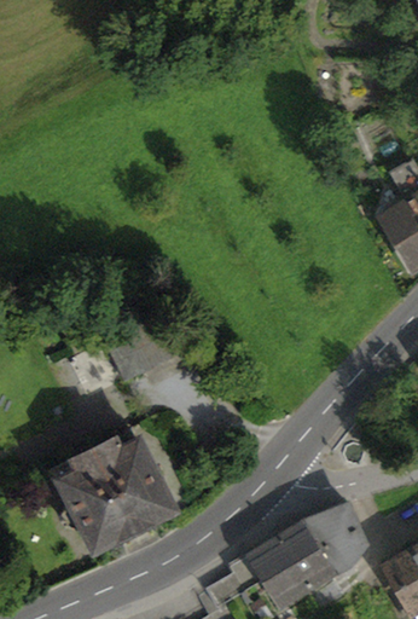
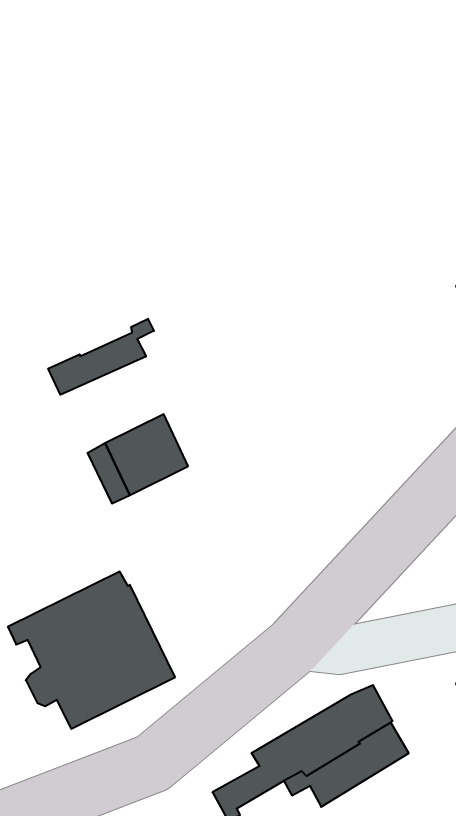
building: none -> [48,319,154,395]
building: [319,504,364,566] -> none

